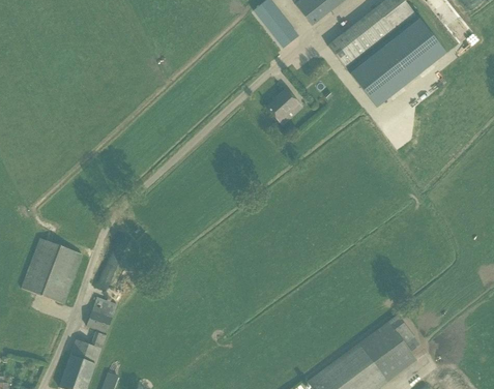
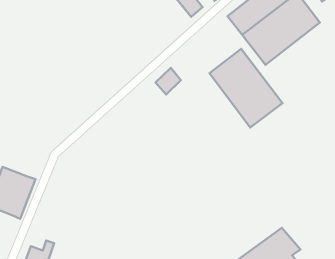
building: none -> [209,49,283,127]
building: [266,89,298,123] -> [156,68,181,95]
building: [86,297,117,333] -> none

